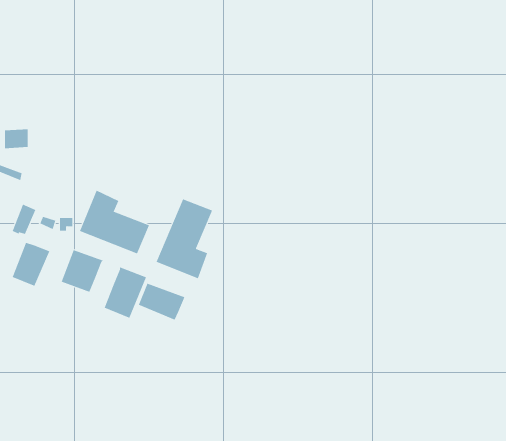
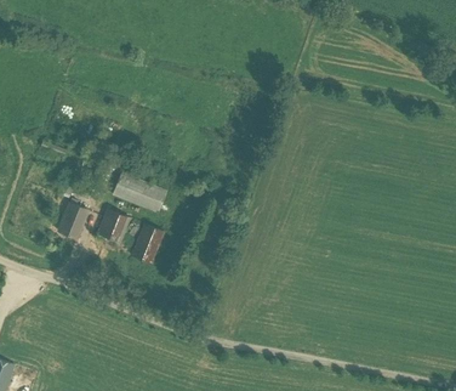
building: [156,198,213,279] -> none
building: [138,283,185,321] -> none

